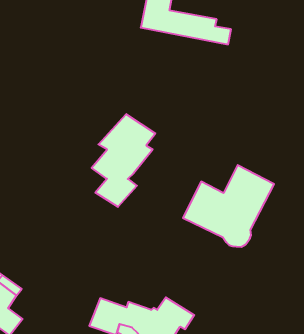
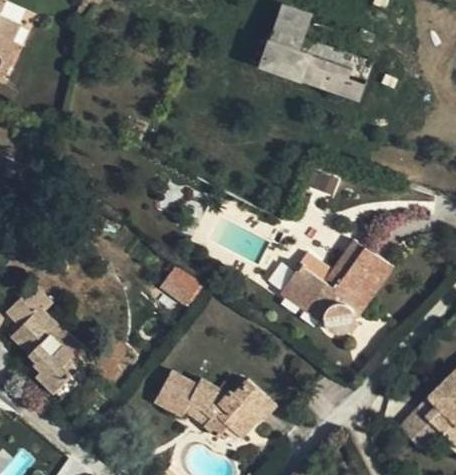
building: [92,114,155,207] -> none
building: none -> [158,266,201,307]

